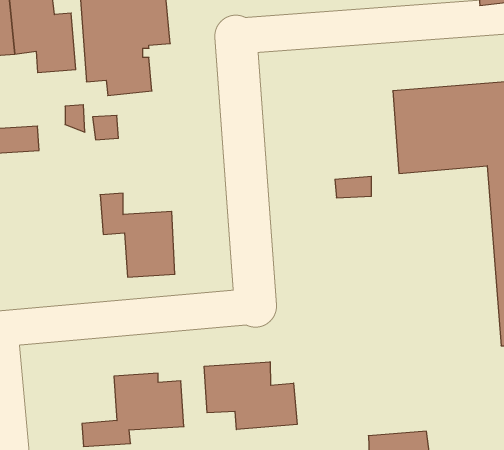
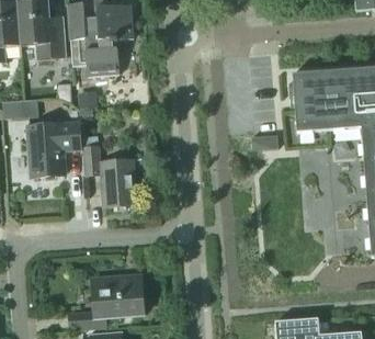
building: none -> [27,123,81,176]
building: [204,362,297,430] -> none

